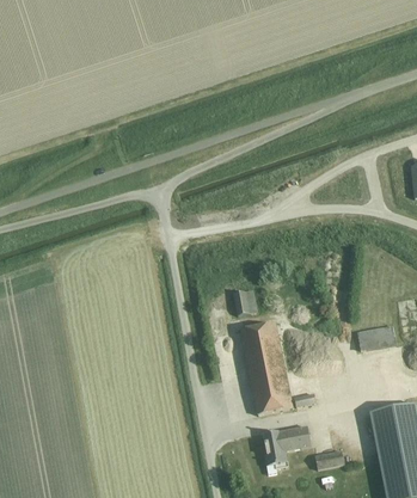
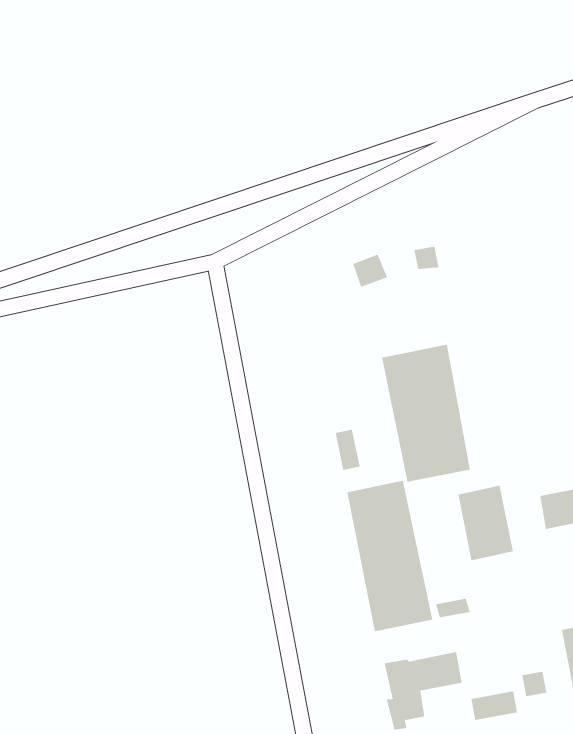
building: none -> [381,344,471,483]
building: none -> [458,485,513,561]

